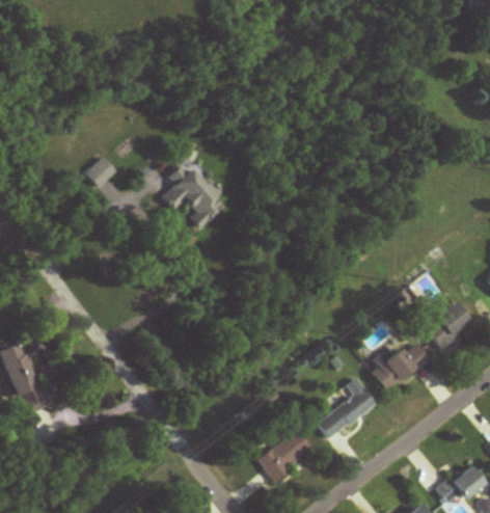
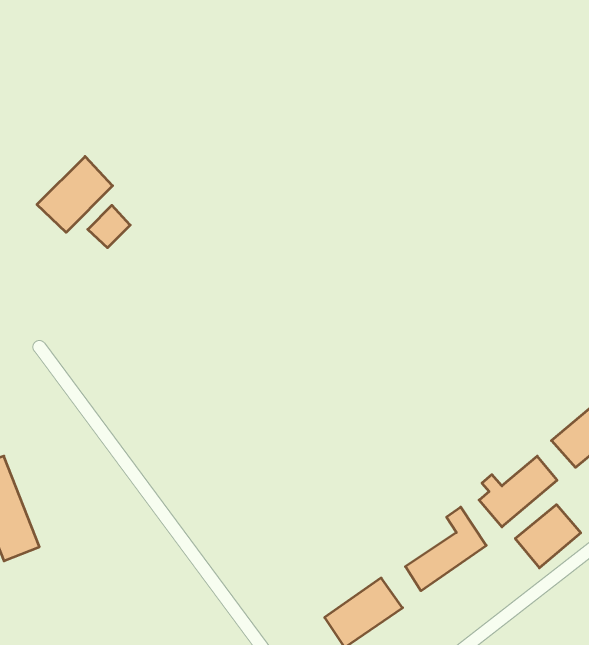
building: none -> [37,156,113,232]
building: [160,163,223,230] -> none
building: none -> [515,505,581,568]

